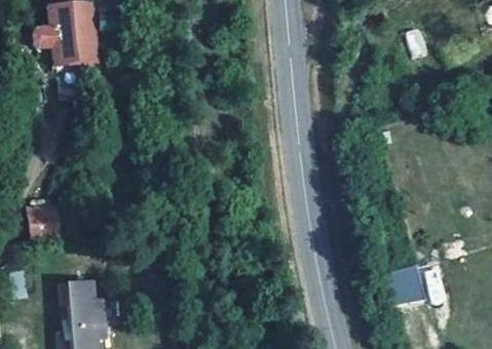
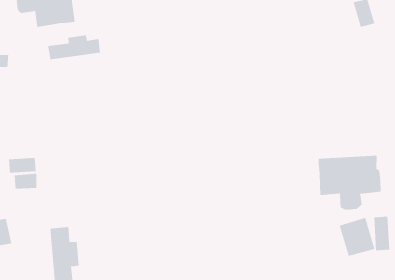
building: none -> [48,35,101,60]
building: none -> [318,155,381,210]

